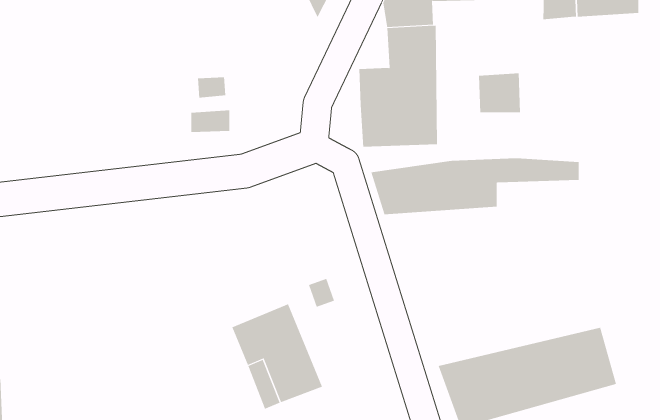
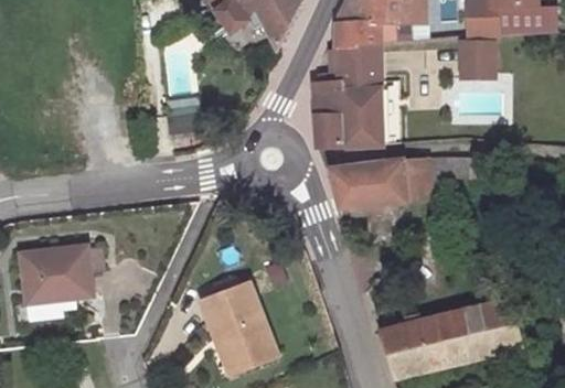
building: [478,73,521,113] -> [454,46,489,79]
building: none -> [24,235,94,301]

